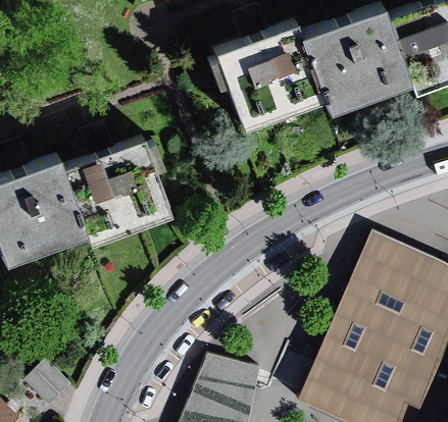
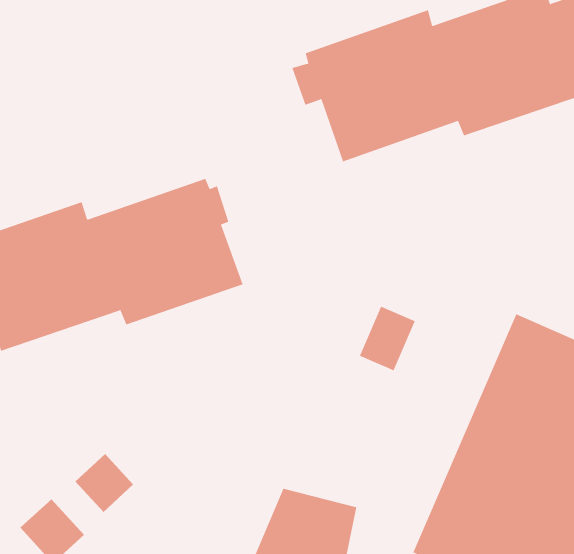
building: none -> [359,306,416,371]
building: none -> [75,453,134,513]

